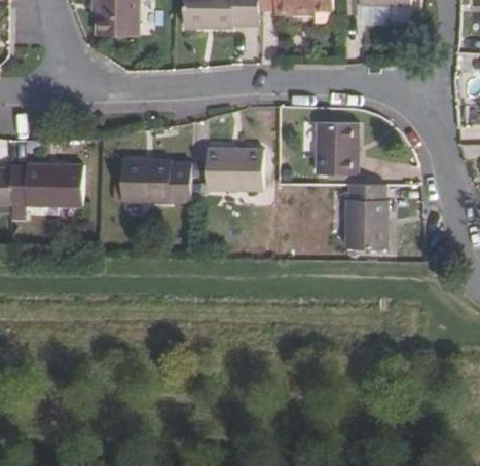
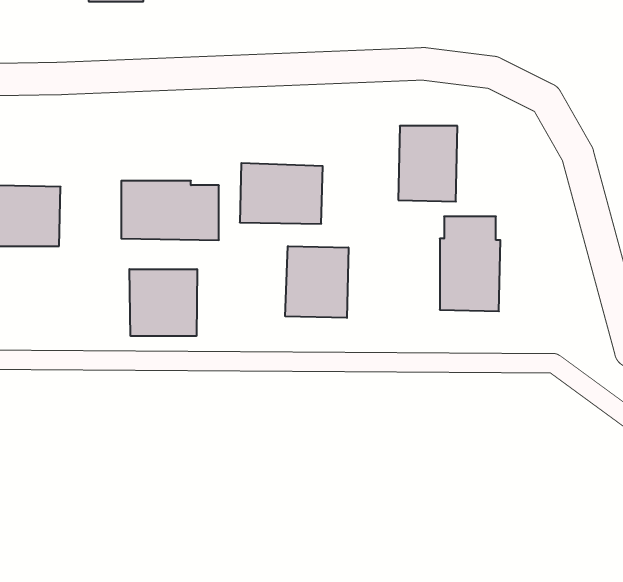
building: none -> [285,246,348,318]
building: none -> [129,269,197,336]

